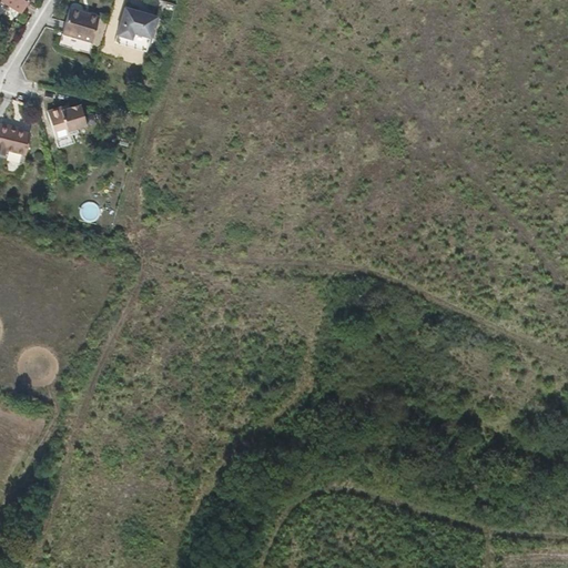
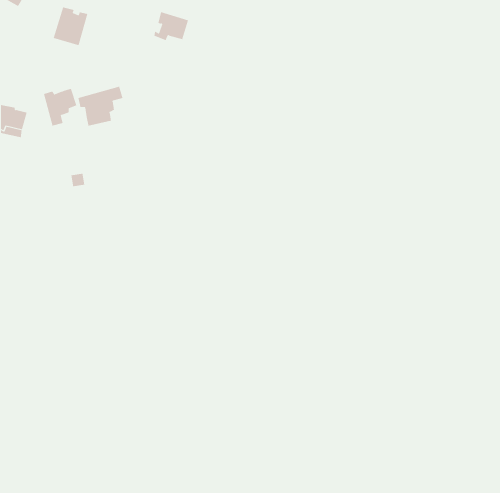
building: [118,6,158,39] -> [154,11,189,41]
building: none -> [78,86,123,127]

